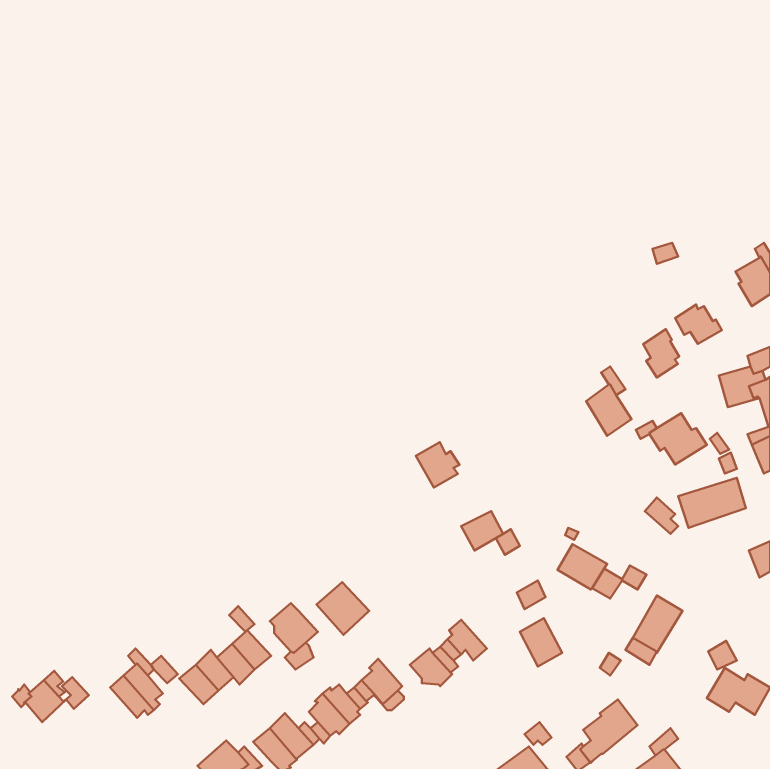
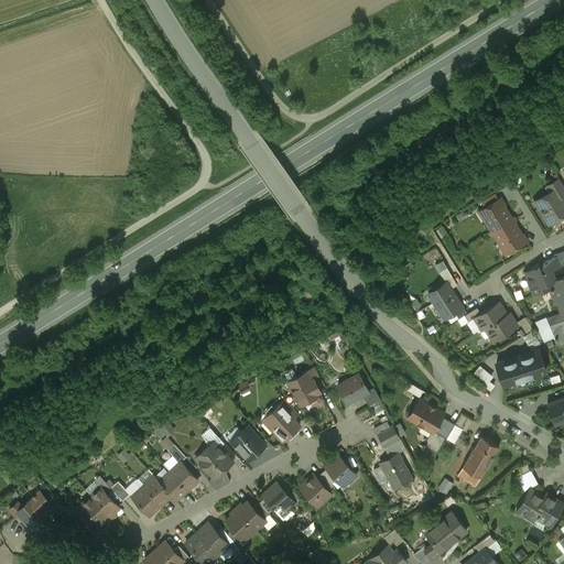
building: [643,329,679,377] -> [484,198,510,234]
building: [416,442,459,487] -> [288,372,319,405]
building: none -> [267,400,300,441]

